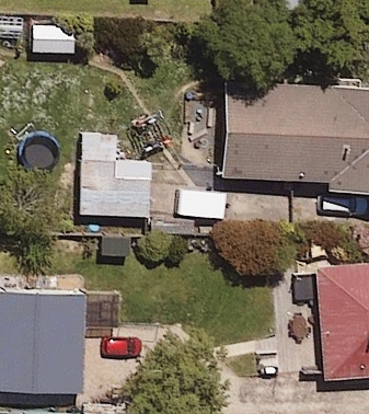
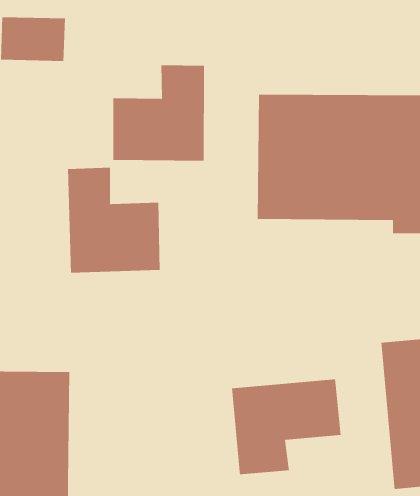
building: none -> [112,65,205,161]
building: none -> [231,379,341,475]

